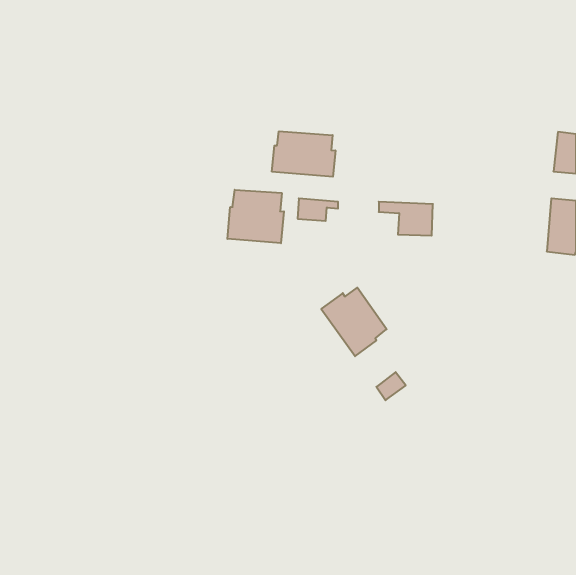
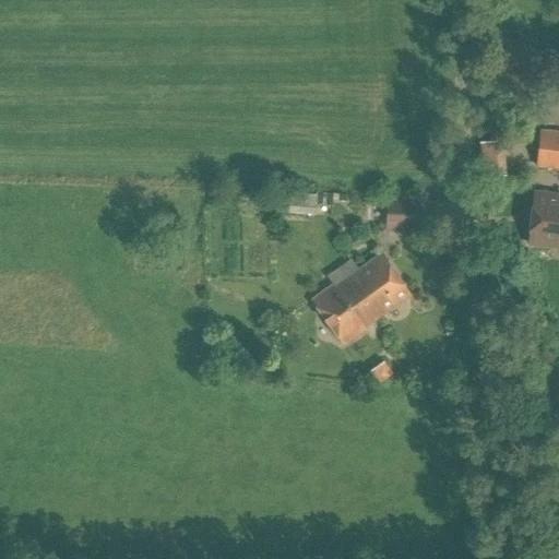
building: [272,131,335,177] -> none
building: [227,190,284,243] -> none
building: none -> [346,253,411,319]

